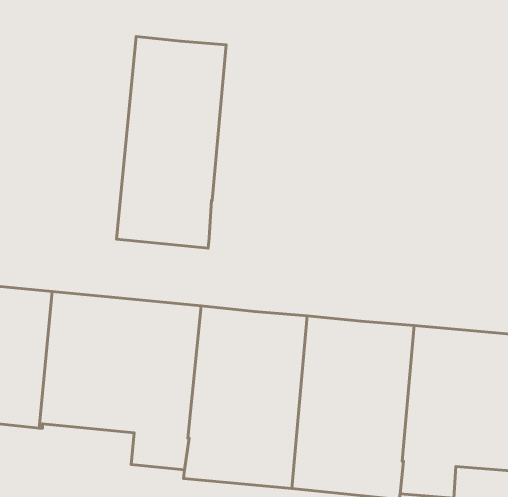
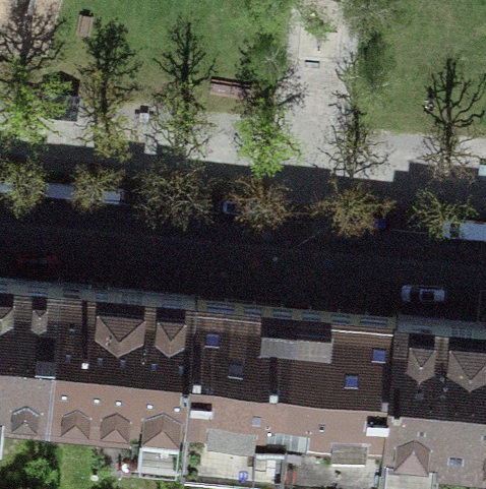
building: [116,37,226,248] -> none

